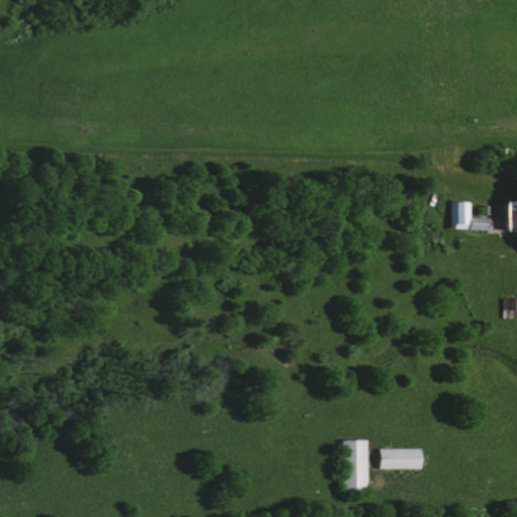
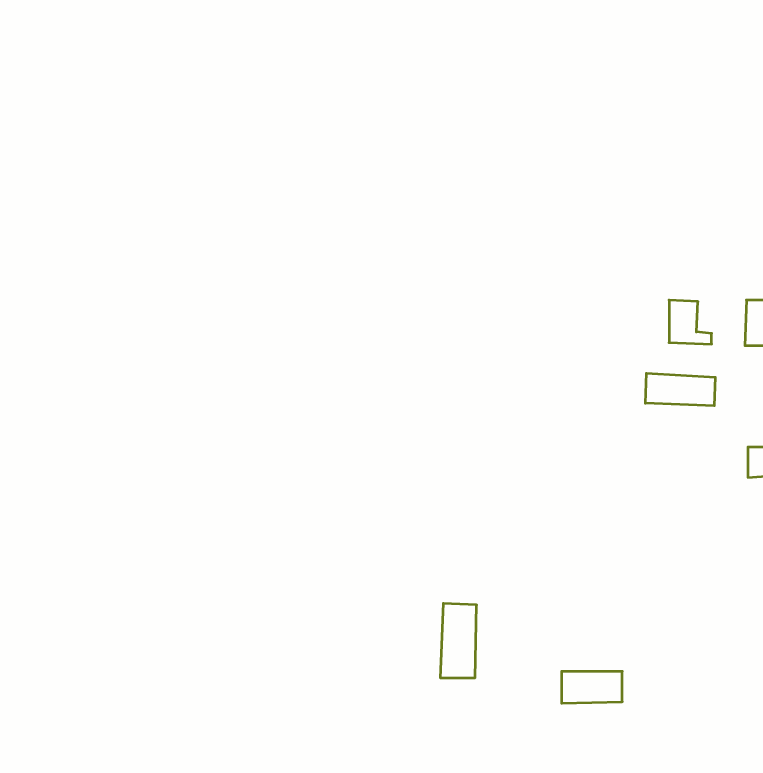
building: none -> [645,373,715,406]
building: [344,440,369,490] -> [440,603,477,678]

